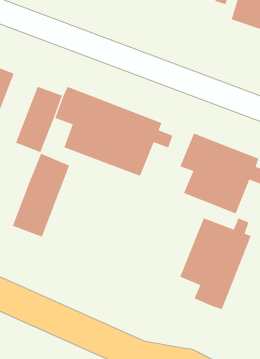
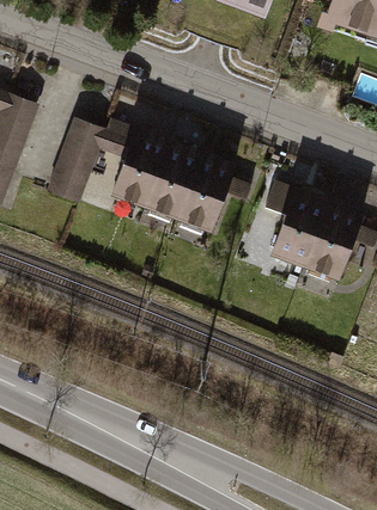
building: [12,153,70,237] -> none
building: [180,217,252,310] -> none

